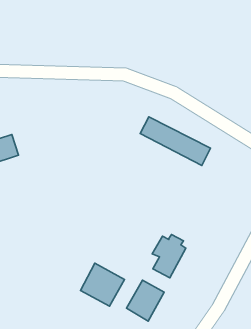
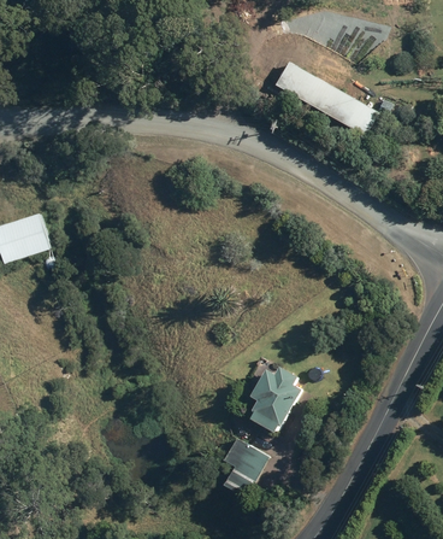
building: [140,117,211,166] -> [272,61,378,135]
building: [80,263,124,306] -> none

